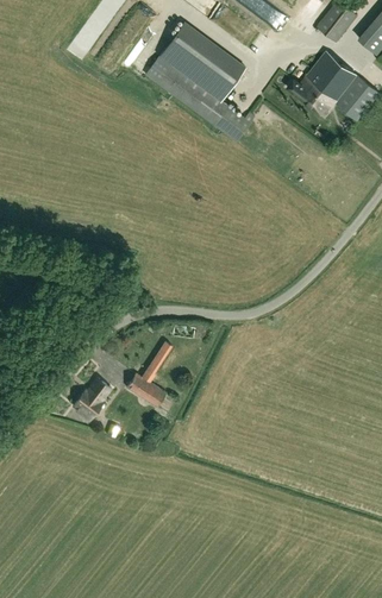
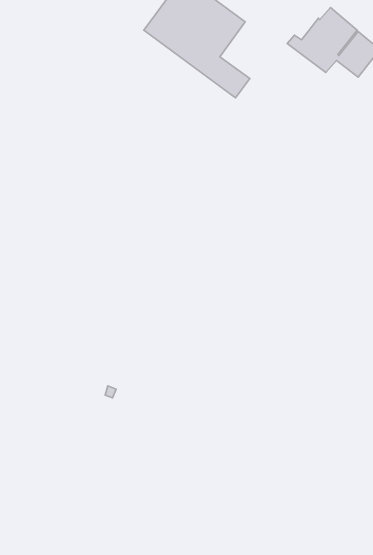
building: [126,340,173,407] -> none
building: [74,377,111,422] -> none

